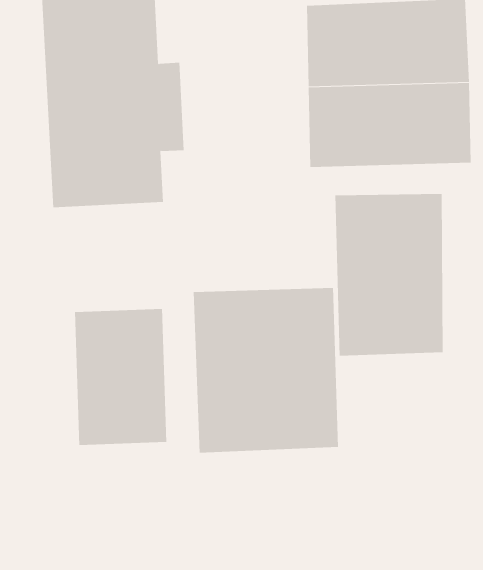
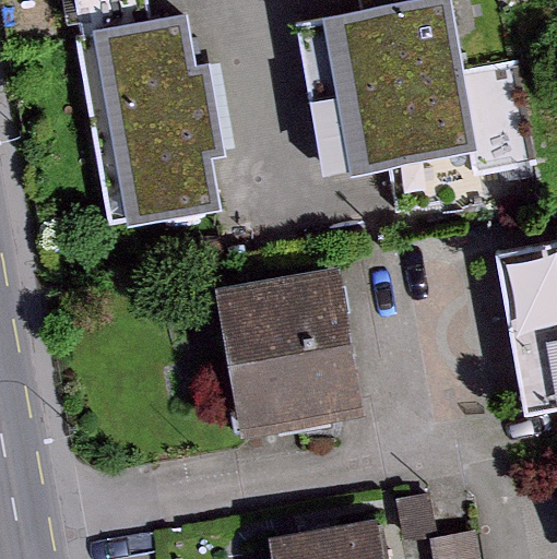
building: [335,193,443,356] -> none
building: [75,308,167,446] -> none

